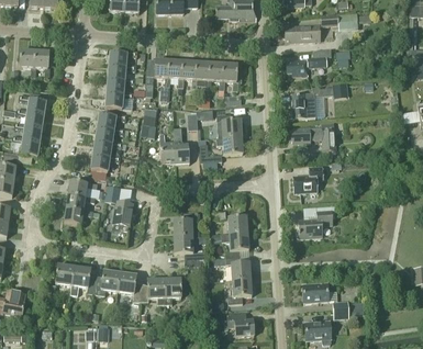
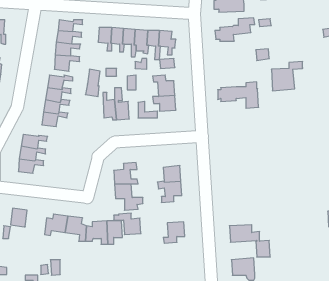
building: [291,85,326,117] -> [271,62,303,91]
building: [292,166,323,192] -> none
building: [103,185,132,232] -> none
building: [298,210,332,237] -> none
building: [220,256,251,280] -> [114,213,141,235]
building: [69,266,96,294] -> none
building: [226,313,254,336] -> none

